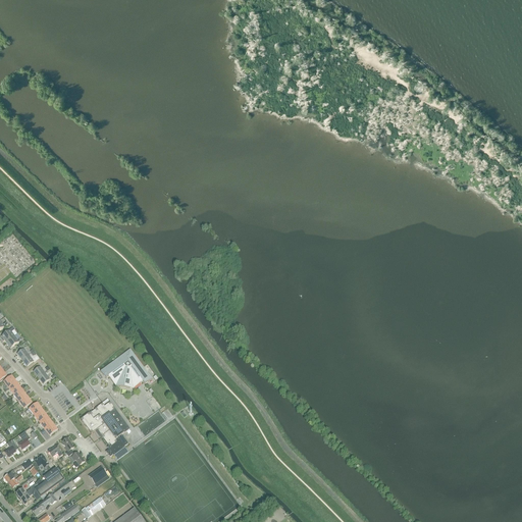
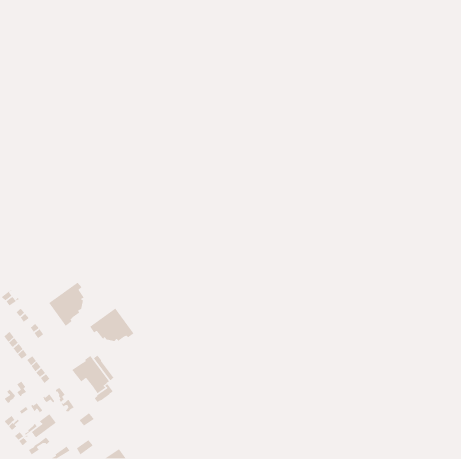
building: none -> [48,282,85,327]

